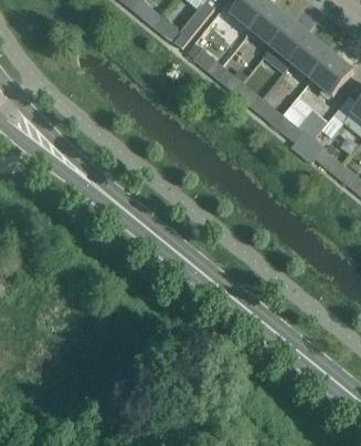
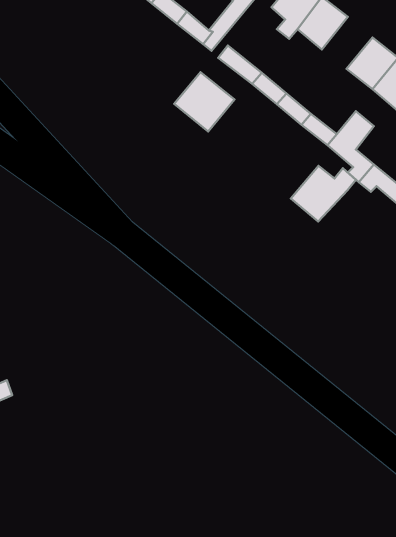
building: [270,20,311,62] -> none
building: none -> [174,72,235,131]
building: none -> [291,166,356,222]

